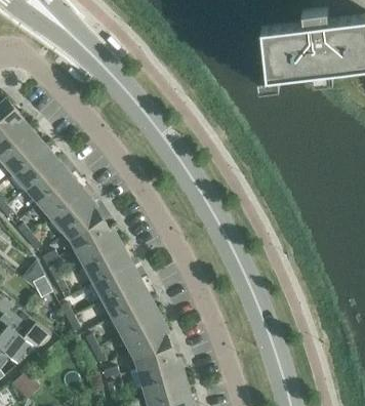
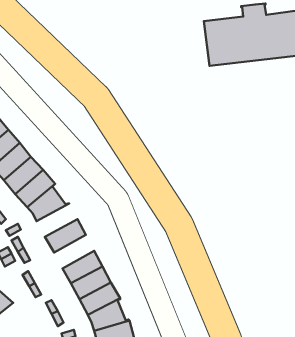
building: [75,229,120,266] -> none
building: [94,263,138,300] -> none

